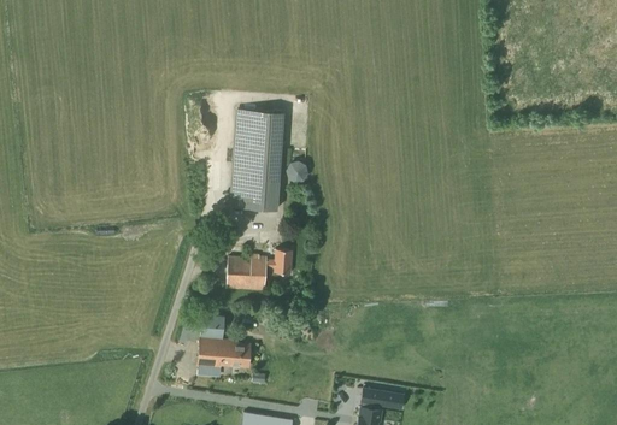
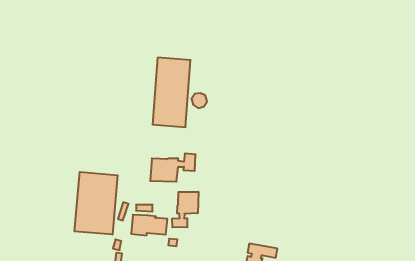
building: none -> [75,172,118,235]
building: none -> [172,192,198,227]

